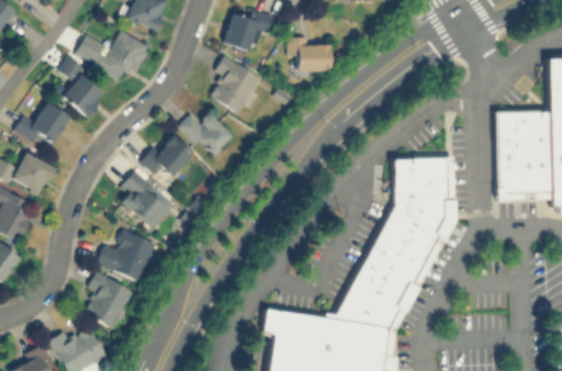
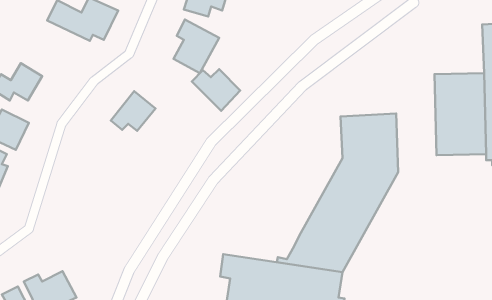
building: [288,37,330,70] -> none
building: [57,57,108,115] -> none
building: [179,111,232,156] -> [192,69,240,111]
building: [120,169,177,229] -> none
building: [97,229,154,280] -> none
building: [86,271,133,328] -> none

